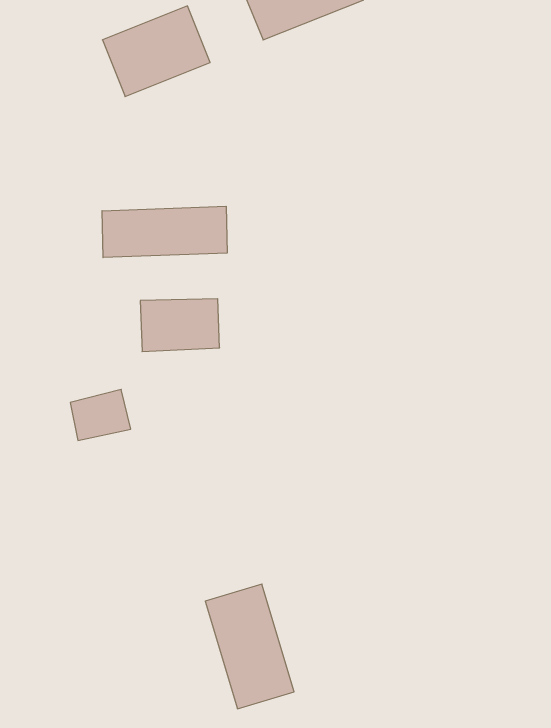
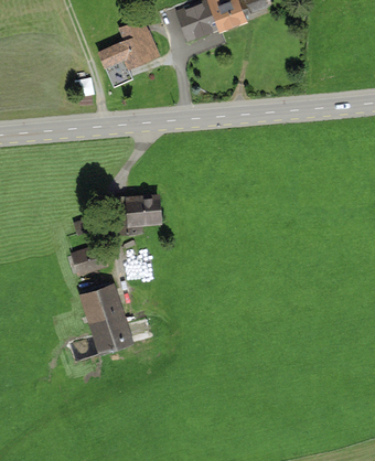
building: [102,206,227,258] -> none
building: [205,584,294,709] -> [78,282,130,355]

